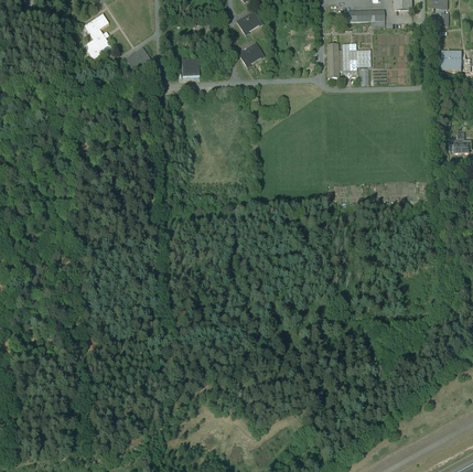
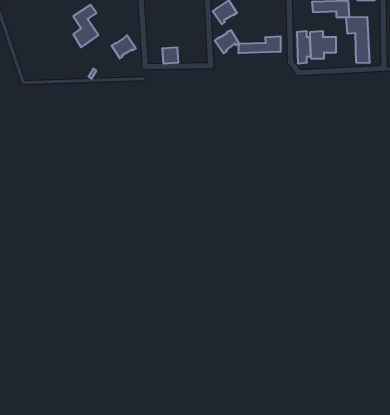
building: none -> [346,17,369,63]
building: none -> [239,36,281,53]

